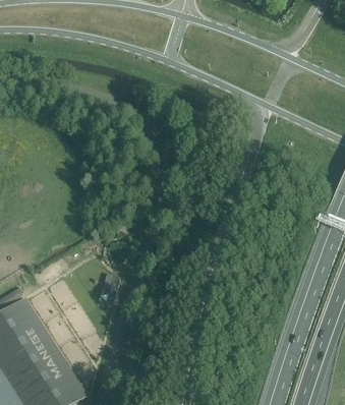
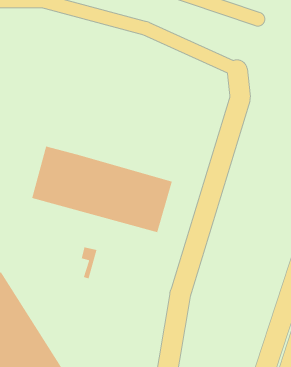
building: none -> [31,145,173,233]

